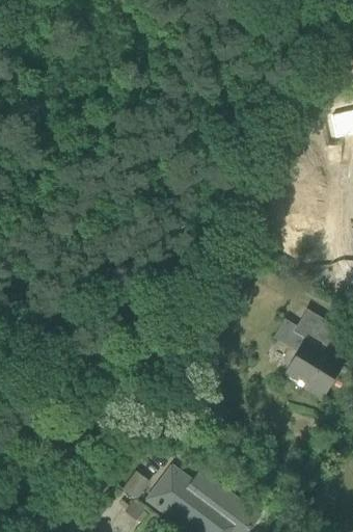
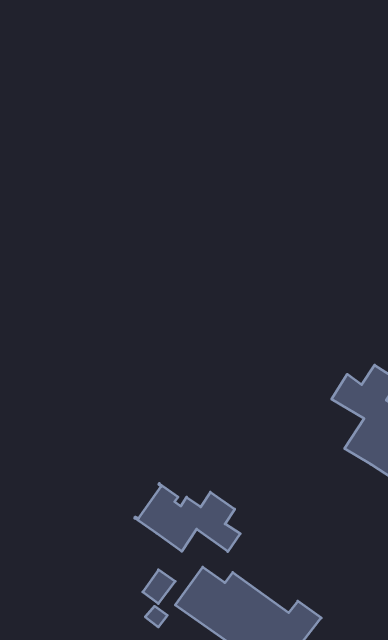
building: none -> [135,483,240,552]

